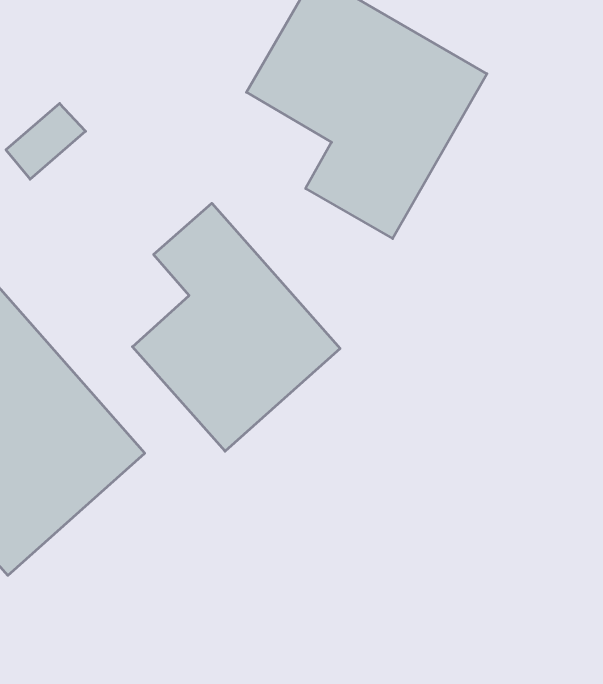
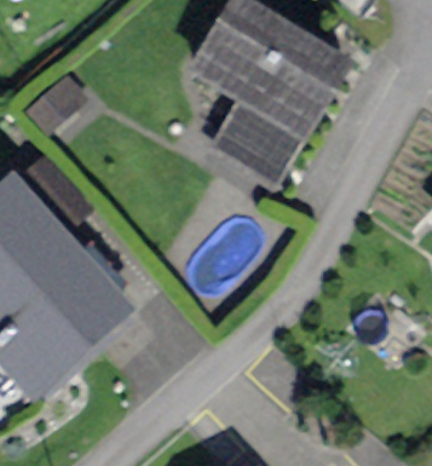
building: [132,203,340,451] -> none

